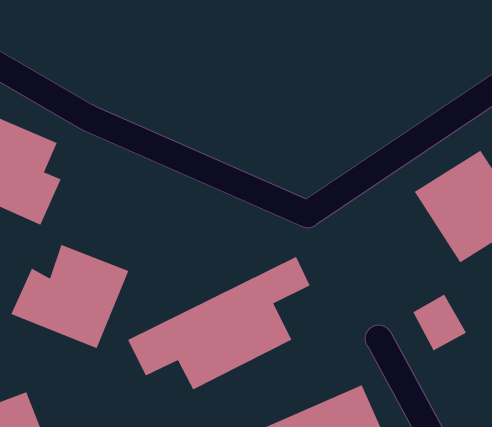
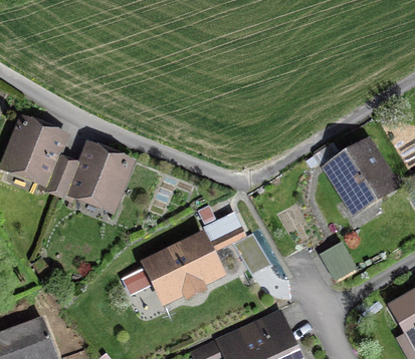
building: [10,244,129,349] -> [52,141,138,217]

